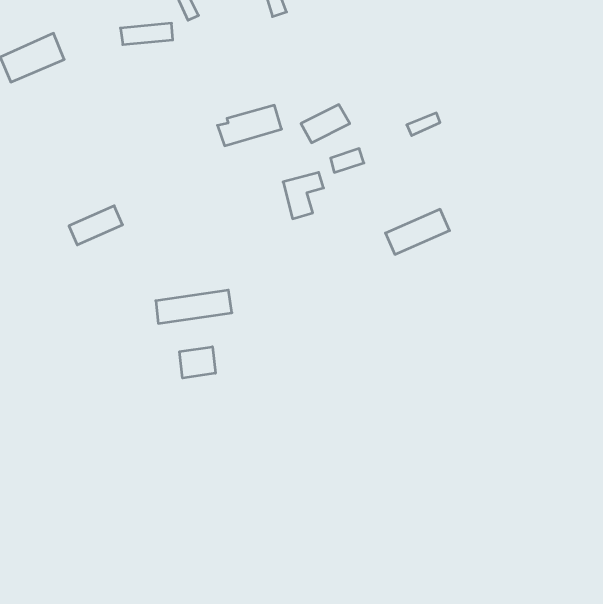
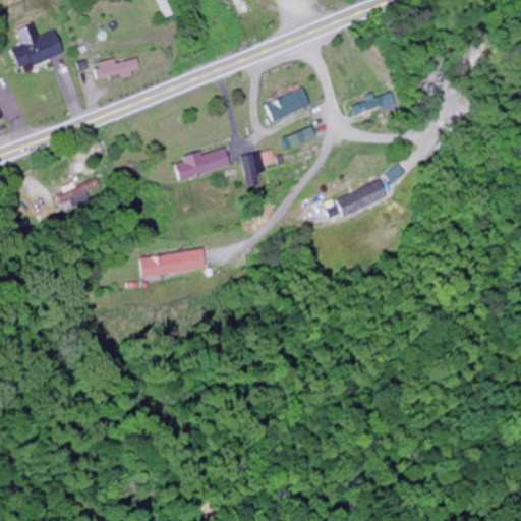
building: [120,23,173,45] -> [94,57,138,75]
building: [217,105,282,146] -> [176,146,231,180]
building: [180,347,215,378] -> none

